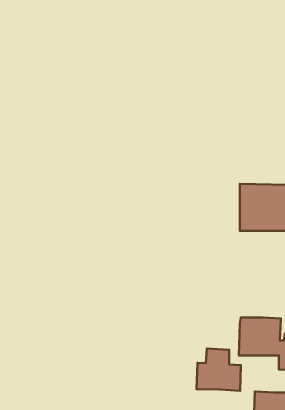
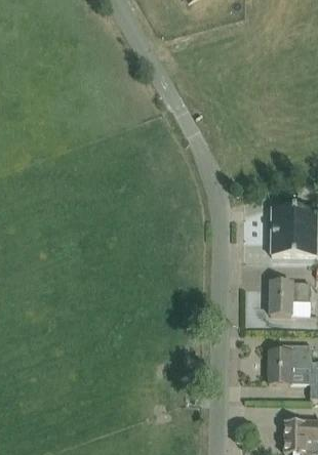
building: none -> [270,282,310,315]
building: [197,348,241,391] -> none

